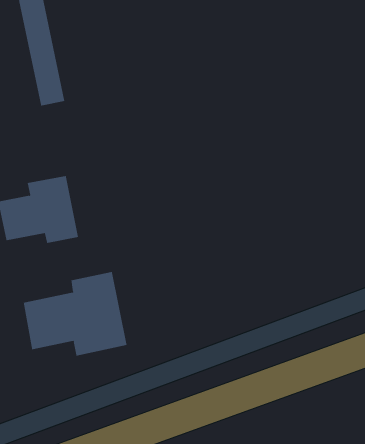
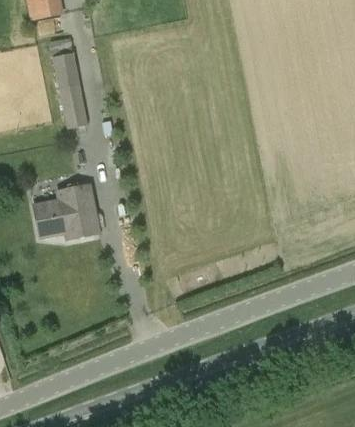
building: [23,271,127,356] -> none

